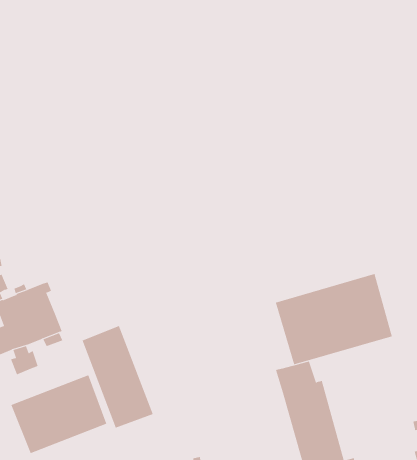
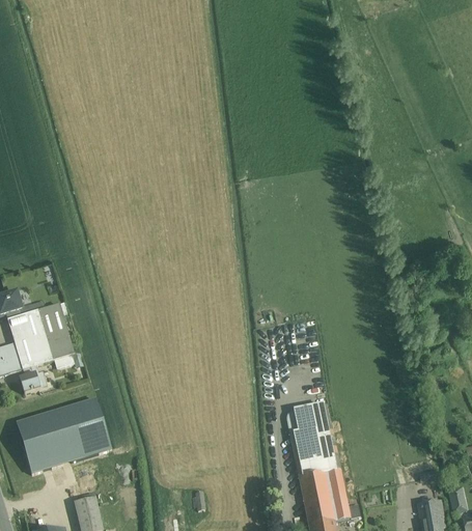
building: [275,273,392,365] -> none
building: [82,325,154,428] -> none

